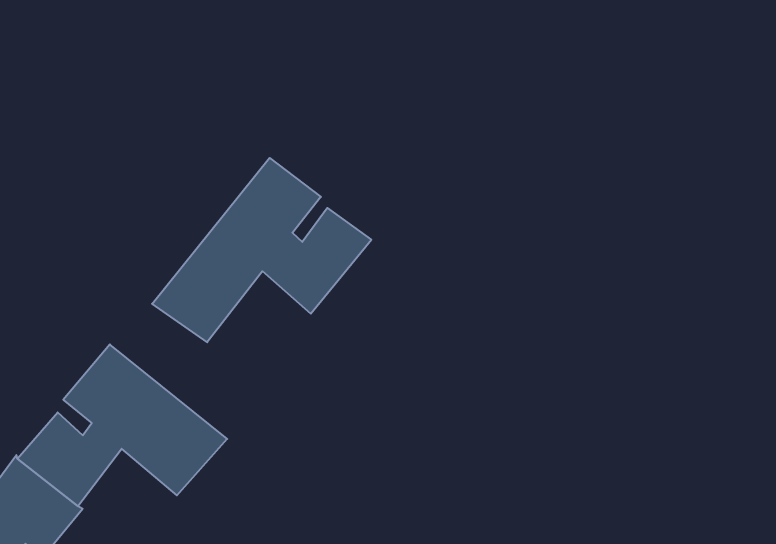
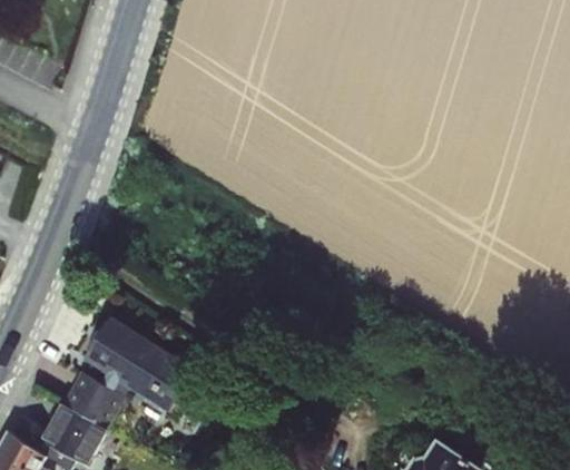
building: [152,158,371,342] -> none

